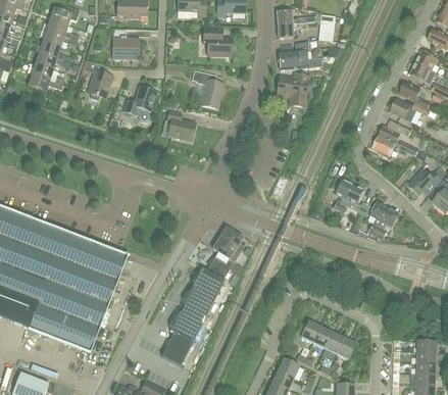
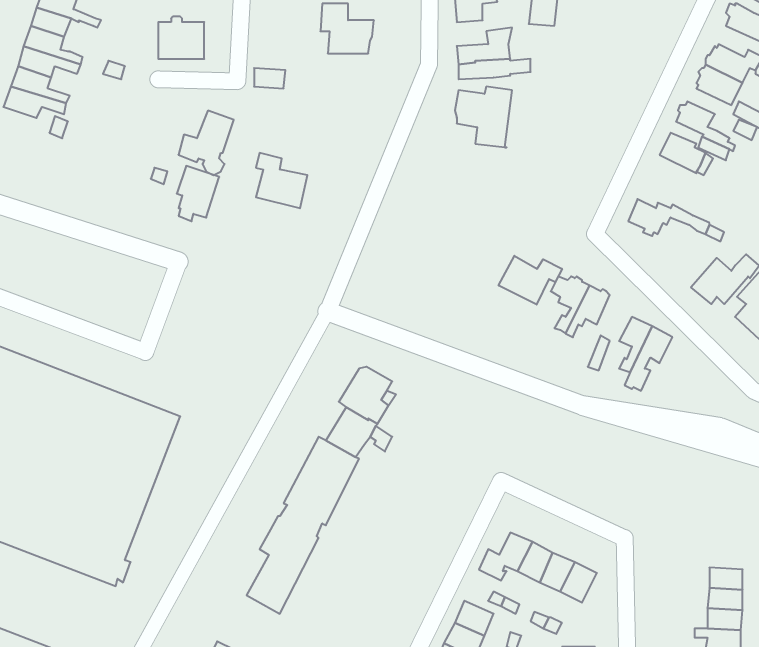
building: [89,68,112,99] -> [177,166,219,221]
building: [192,69,223,107] -> none
building: [378,118,410,140] -> none
building: none -> [499,256,562,305]

